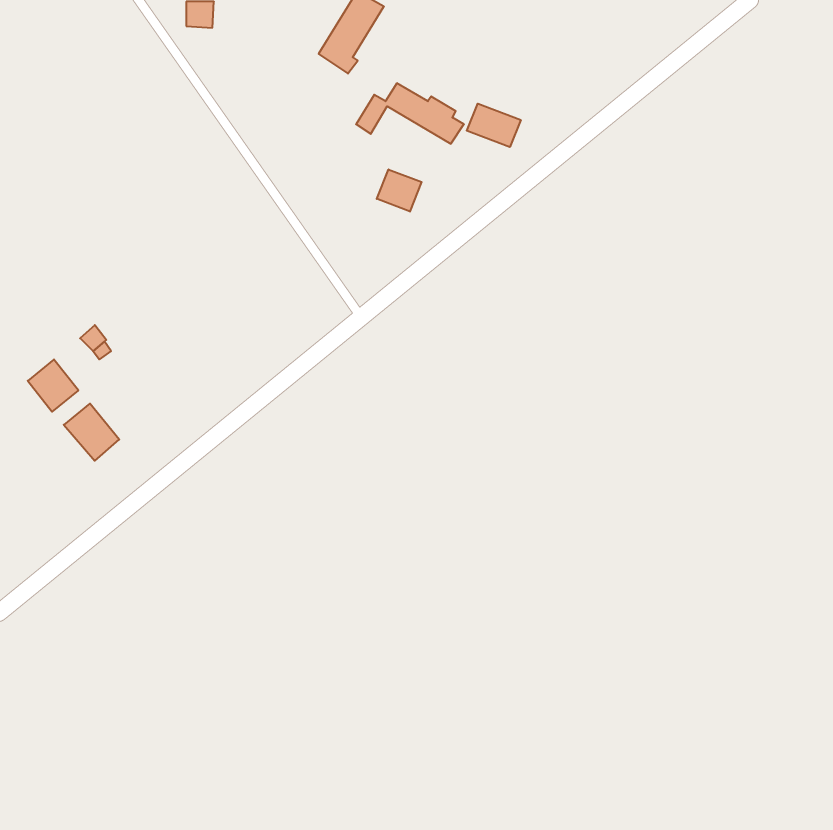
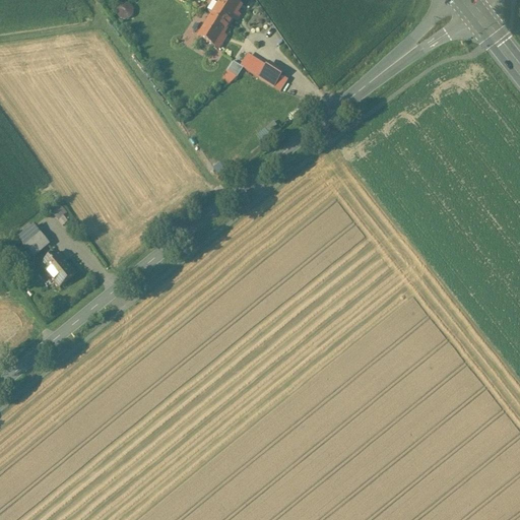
building: [467,104,521,147] -> none
building: [377,169,422,212] -> none

